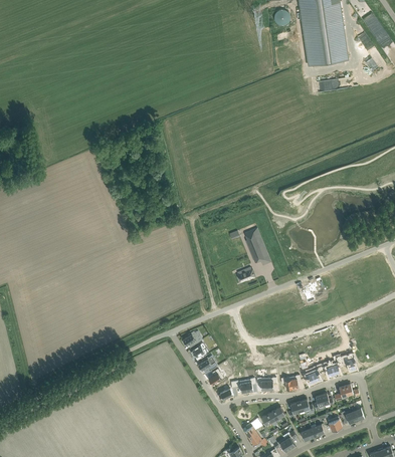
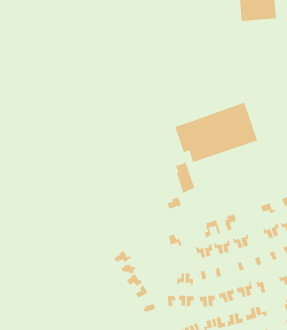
building: none -> [175,102,258,163]

